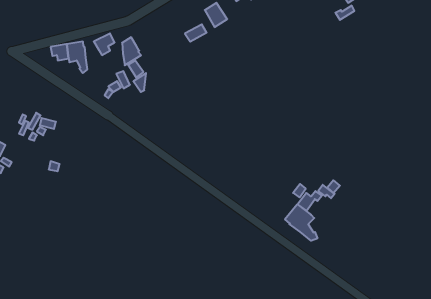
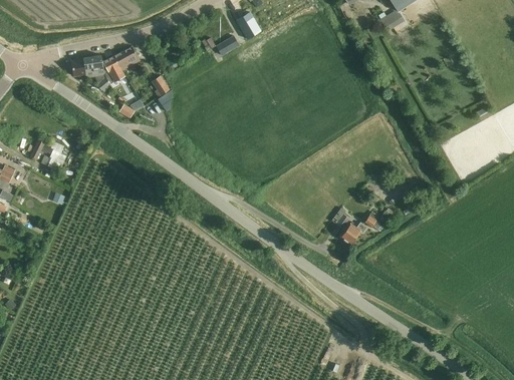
building: [122,37,141,65] -> [103,55,124,86]
building: [285,204,317,241] -> none

